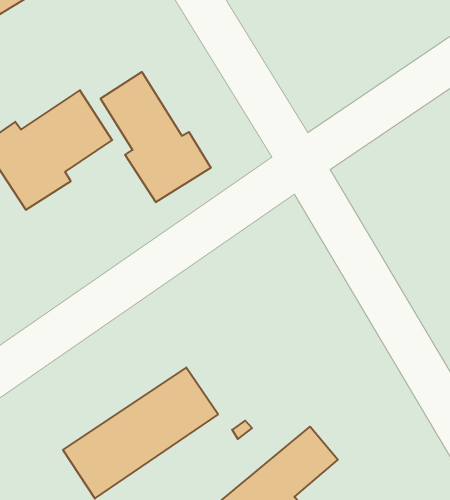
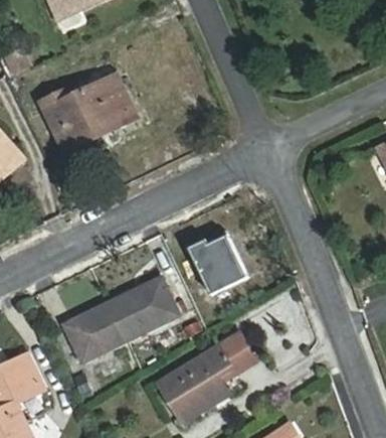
building: [101,72,211,202] -> none
building: none -> [187,234,243,292]

